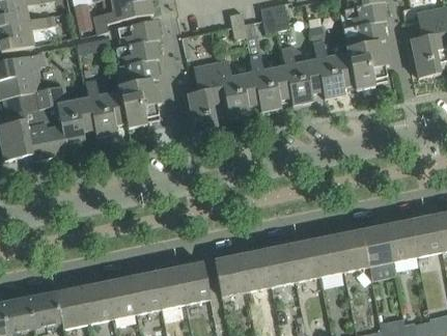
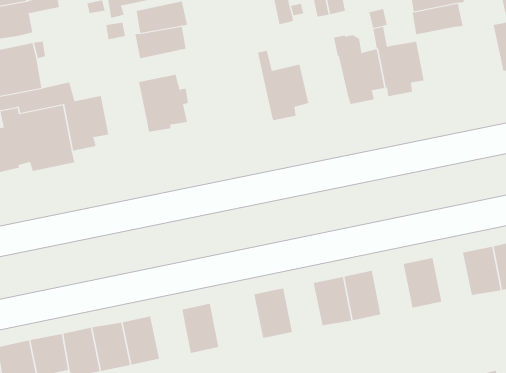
building: [347,40,390,89] -> none
building: [248,52,291,111] -> none
building: [116,59,159,85] -> none
building: [188,61,229,132] -> none
building: [86,77,128,136] -> none
building: [362,225,393,265] -> none
building: [312,234,344,276] -> none
building: [240,250,271,290] -> none
building: [179,261,212,303] -> none
building: [131,272,163,312] -> none

